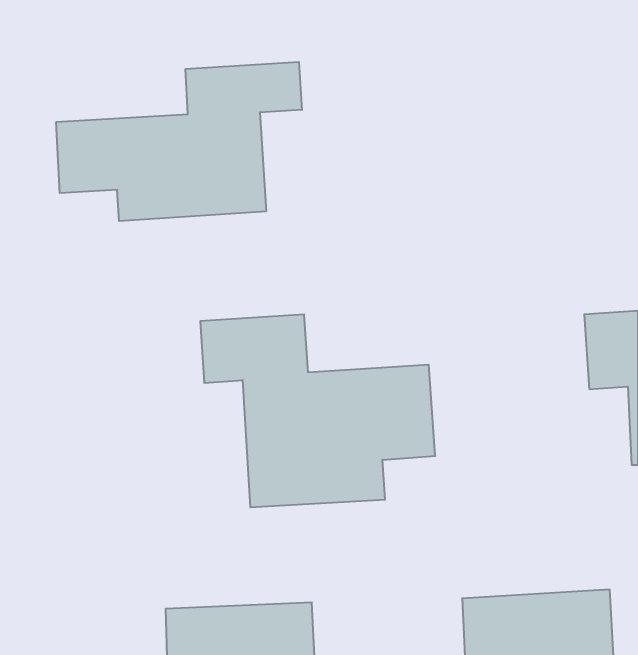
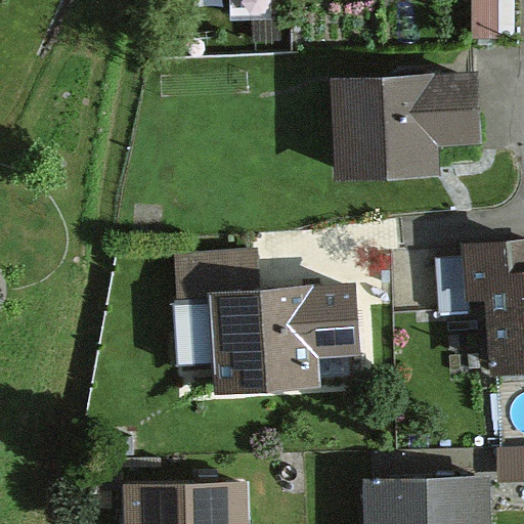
building: [56,62,302,221] -> none
building: none -> [337,74,480,177]

